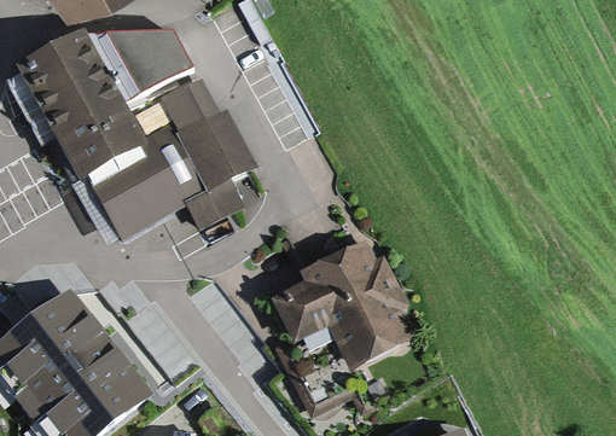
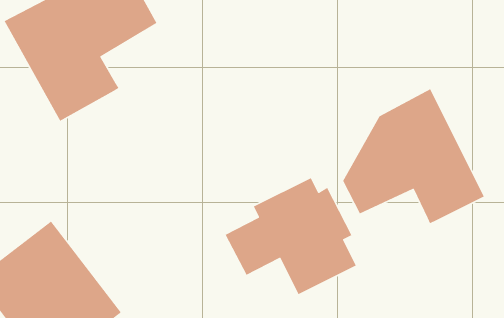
building: [94,79,254,236] -> none
building: none -> [342,88,485,224]

